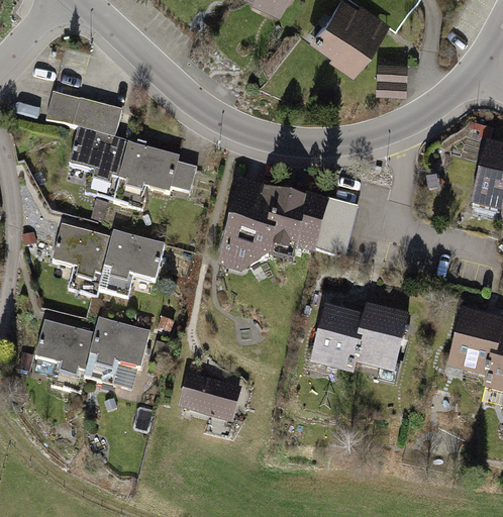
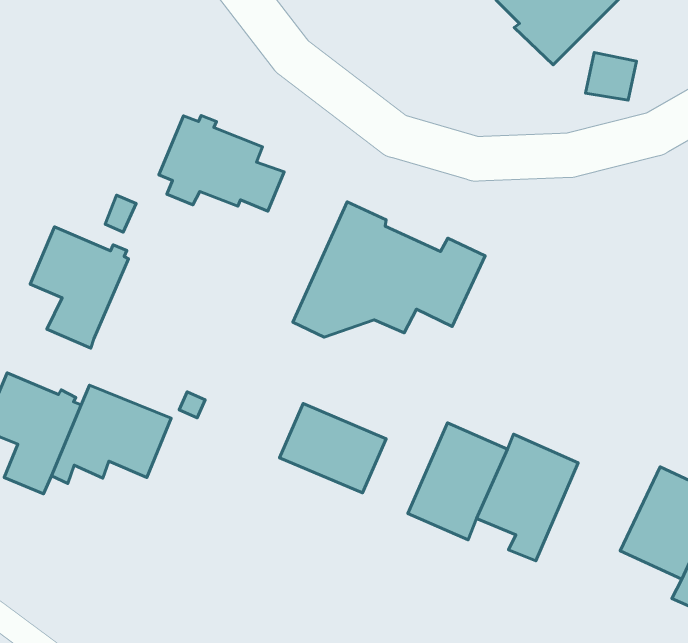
building: [46,90,128,185] -> none
building: [318,196,355,249] -> none
building: [96,228,166,296] -> none
building: [179,371,243,420] -> [279,404,386,493]

